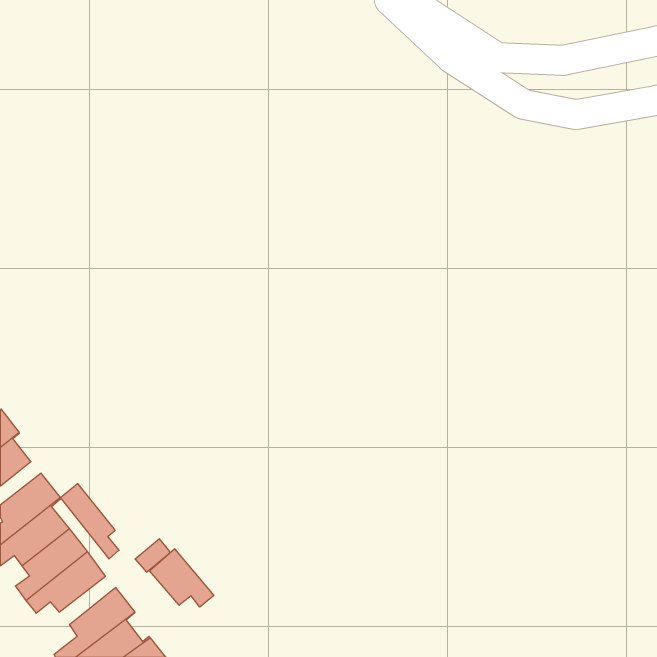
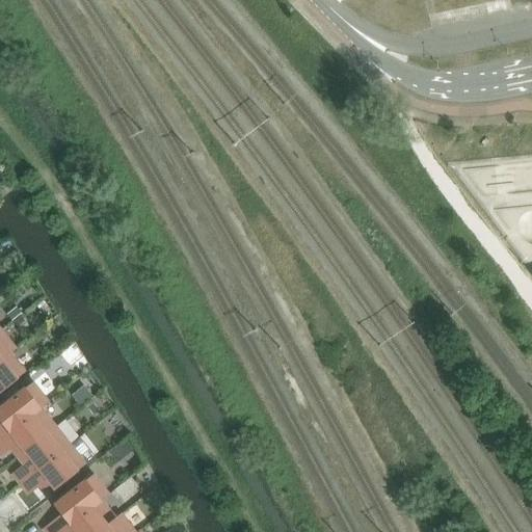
building: [60,484,119,559] -> none
building: [150,549,214,607] -> none

